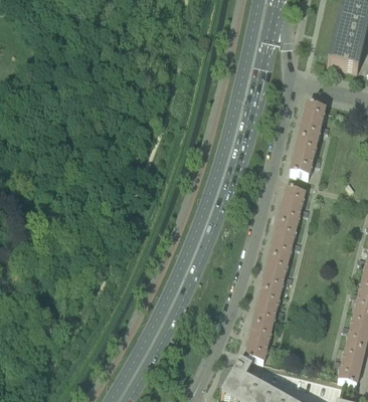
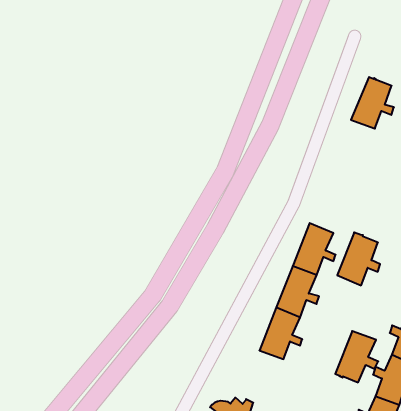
building: [290,135,321,173] -> none
building: [278,183,309,222] -> [337,232,380,285]
building: [245,319,277,357] -> [335,331,378,382]

